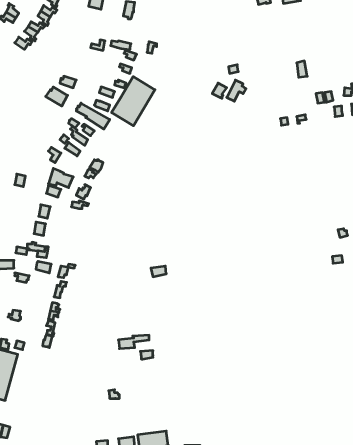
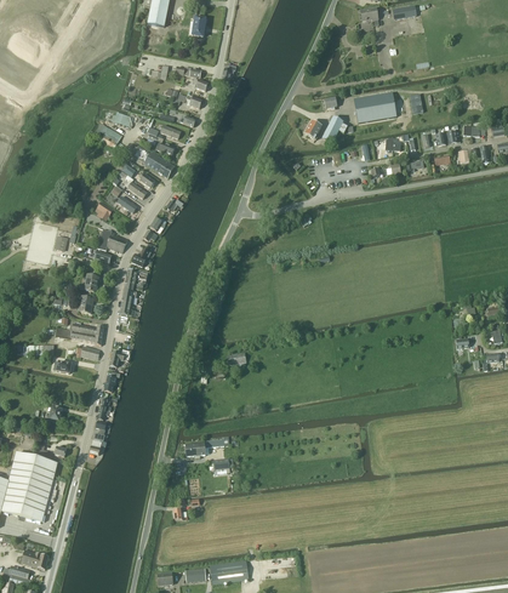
building: none -> [353,92,395,122]
building: [112,77,155,126] -> none

